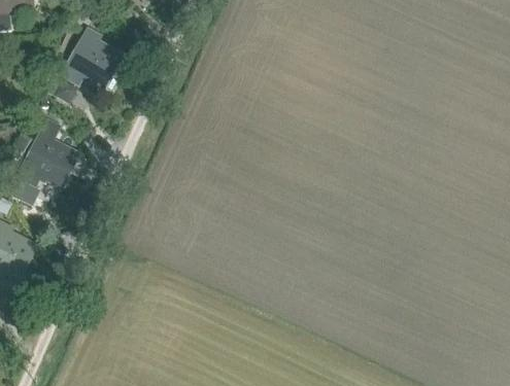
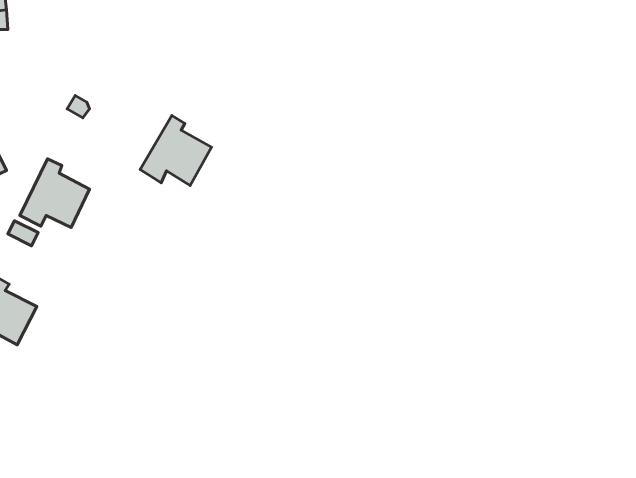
building: [63,29,118,83] -> [140,116,211,185]

